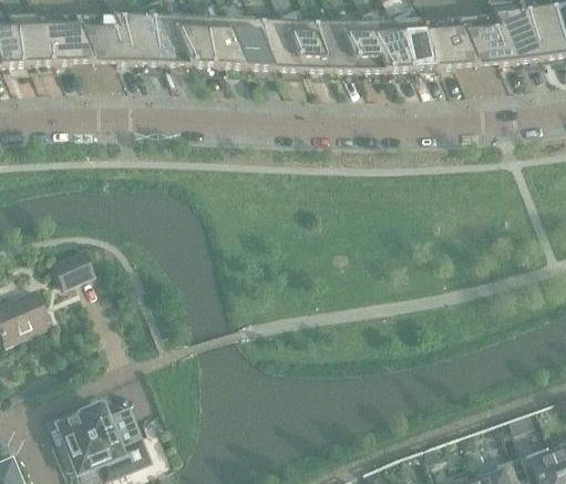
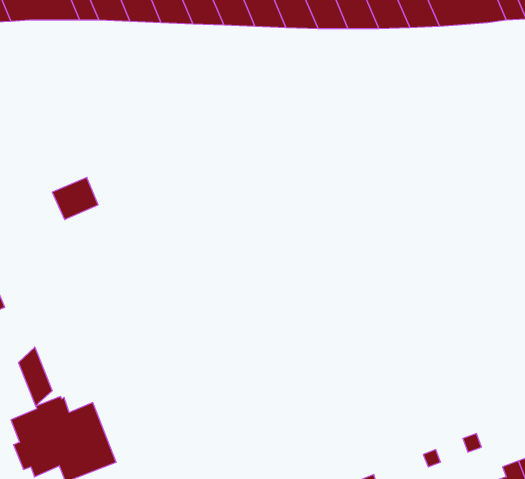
building: [54,247,95,285] -> [52,177,98,220]
building: none -> [18,347,52,406]

